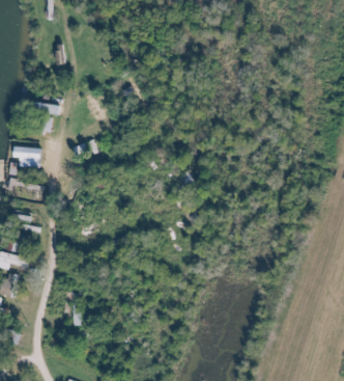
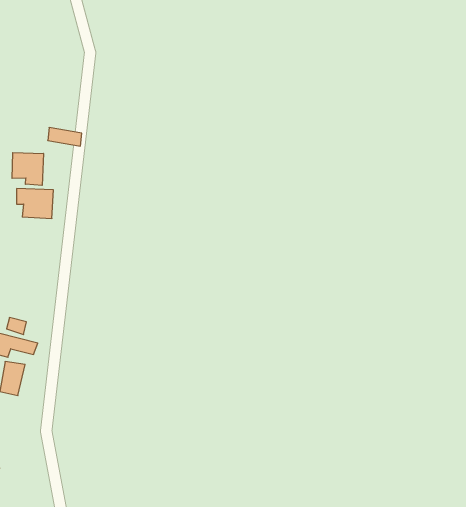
building: none -> [12,153,43,185]

